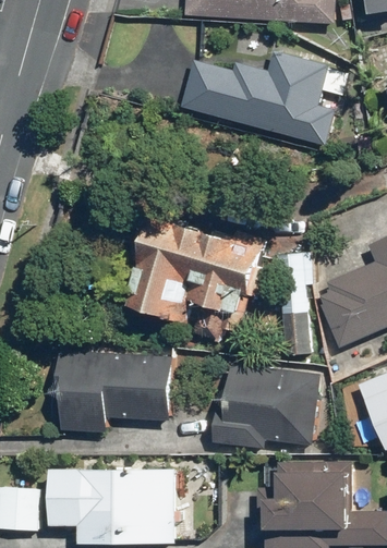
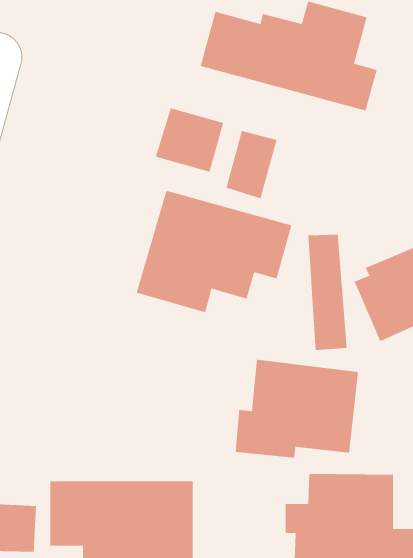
building: none -> [155,108,224,172]
building: none -> [226,130,277,199]
building: [59,351,172,431] -> none

